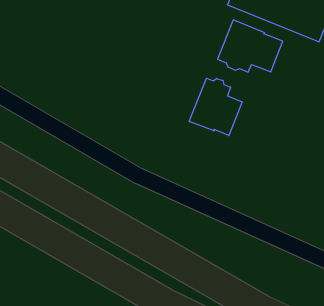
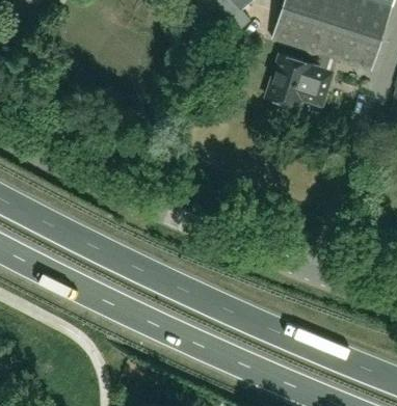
building: [189,78,242,136] -> none

